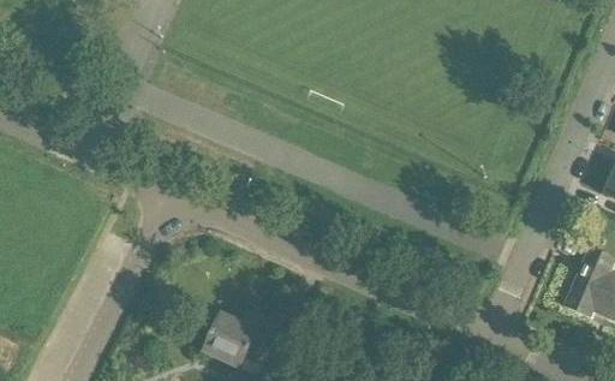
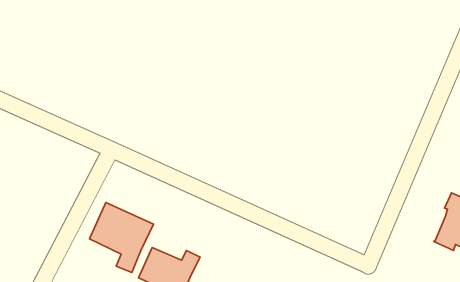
building: none -> [89,202,153,273]

